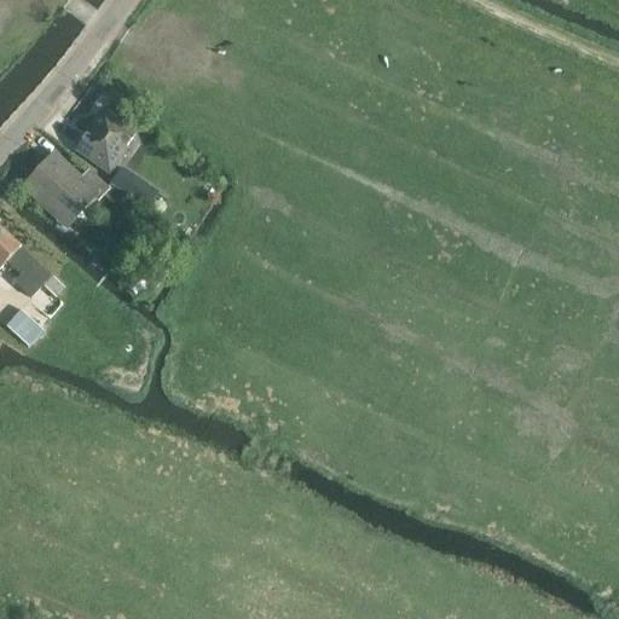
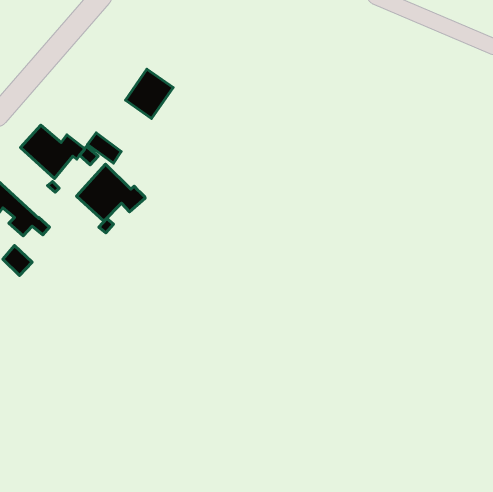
building: [74,106,133,168] -> [125,69,173,119]
building: none -> [76,164,145,221]

